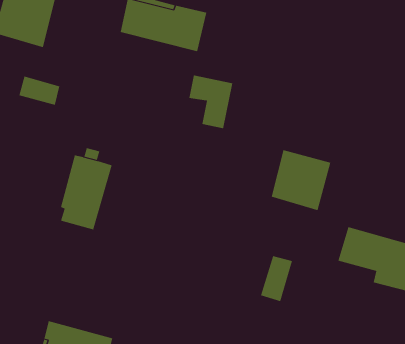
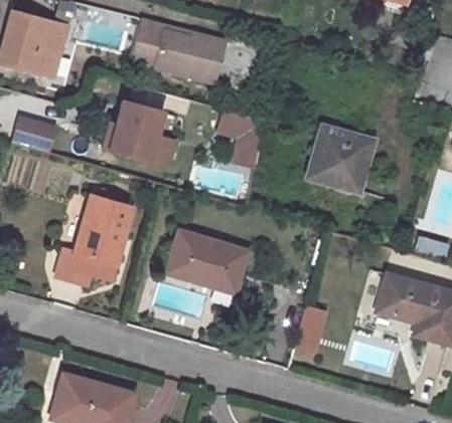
building: none -> [117,100,169,161]
building: [271,149,331,211] -> [320,132,386,198]
building: none -> [166,231,244,292]

